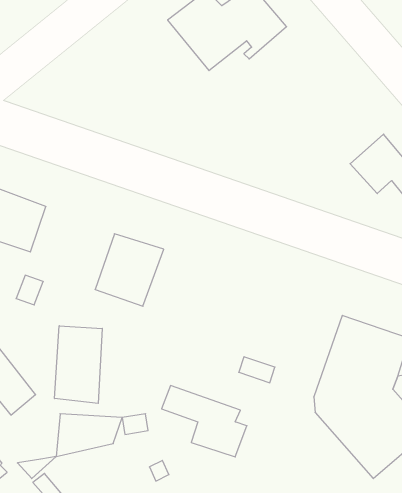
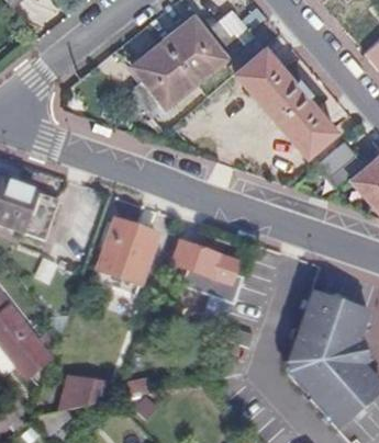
building: none -> [129,42,198,122]
building: none -> [232,47,337,158]
building: [55,326,102,403] -> none
building: [162,386,247,457] -> [172,243,245,304]

